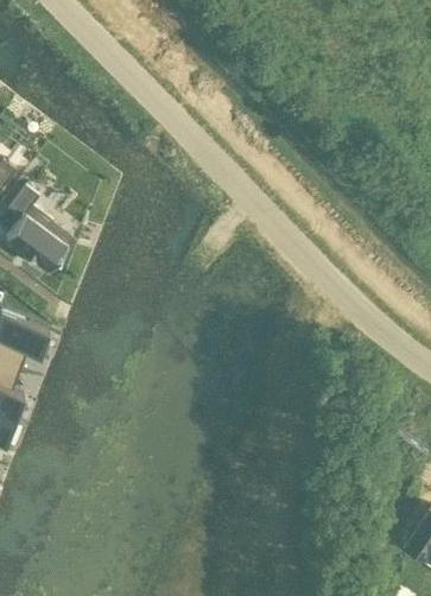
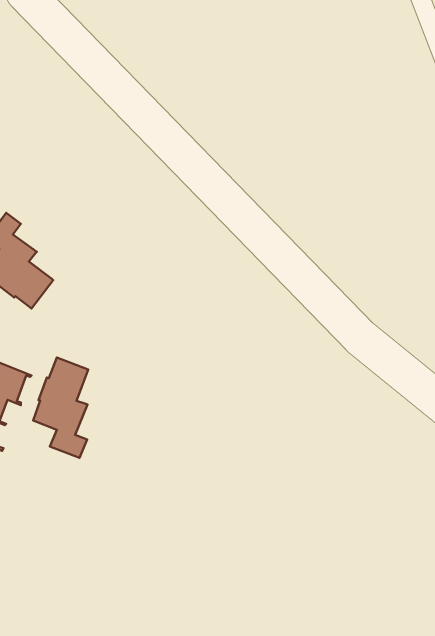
building: none -> [33,357,88,458]

